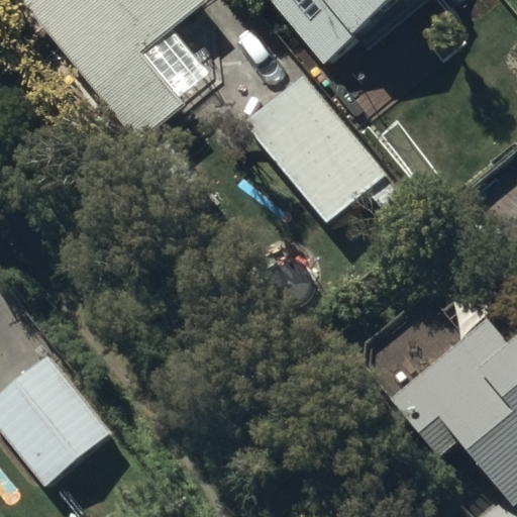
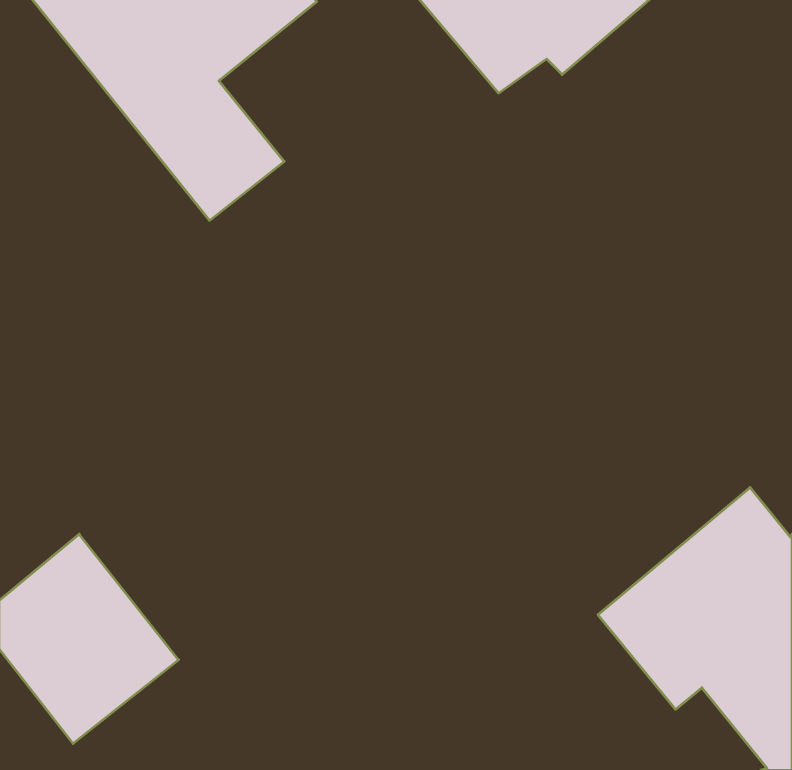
building: [244,70,407,220] -> none

